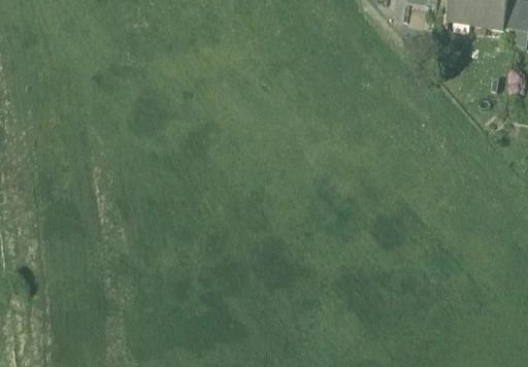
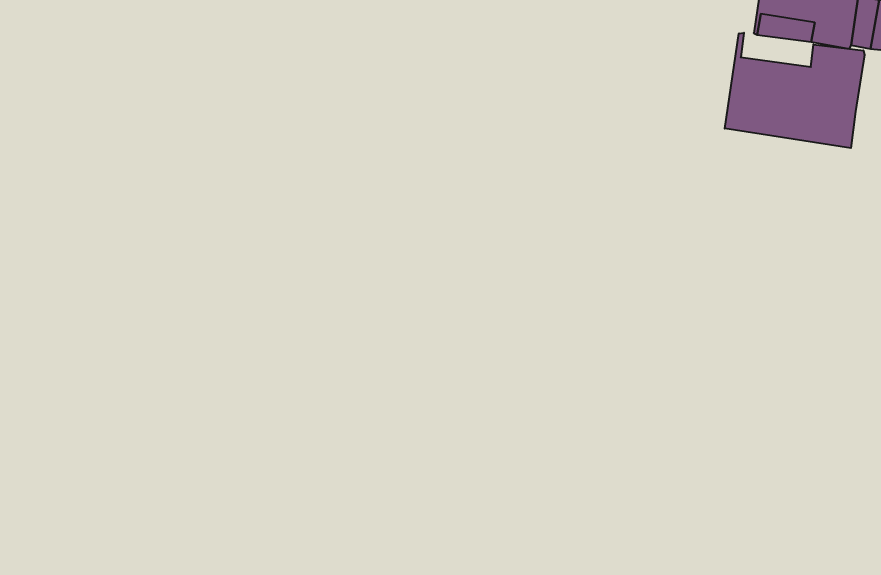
building: none -> [725,33,864,148]

